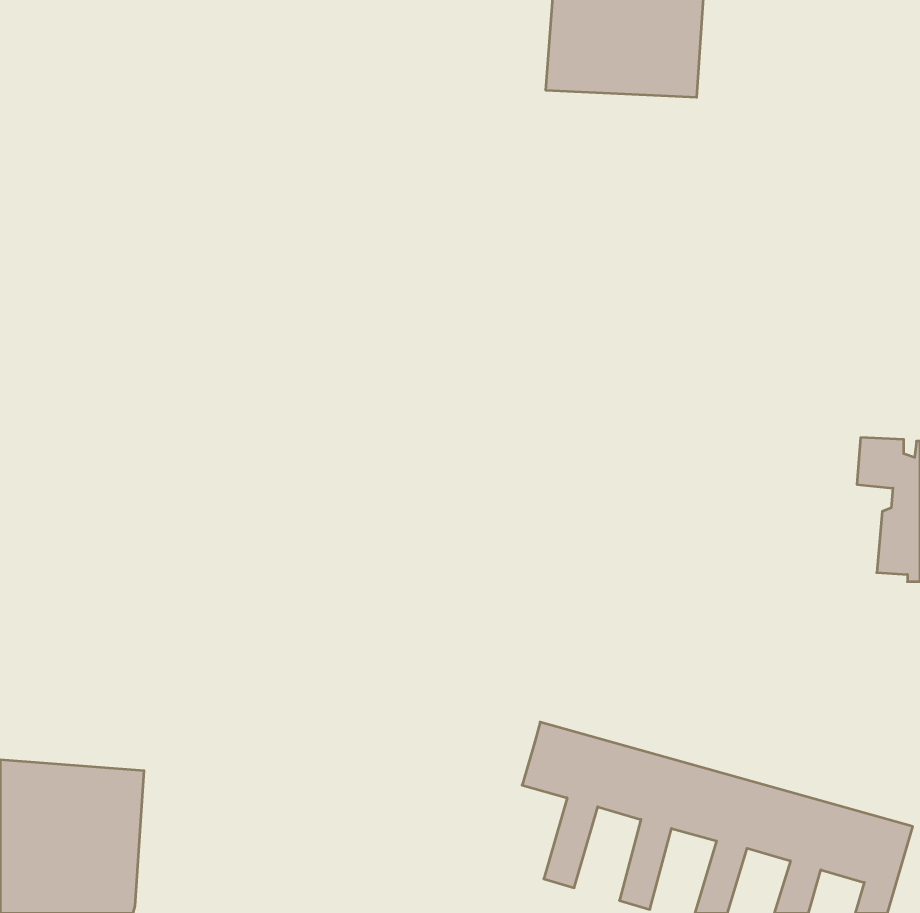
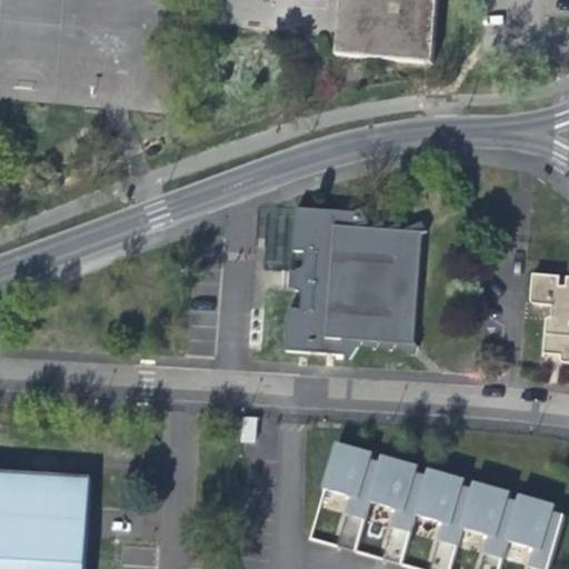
building: none -> [283,204,426,356]

